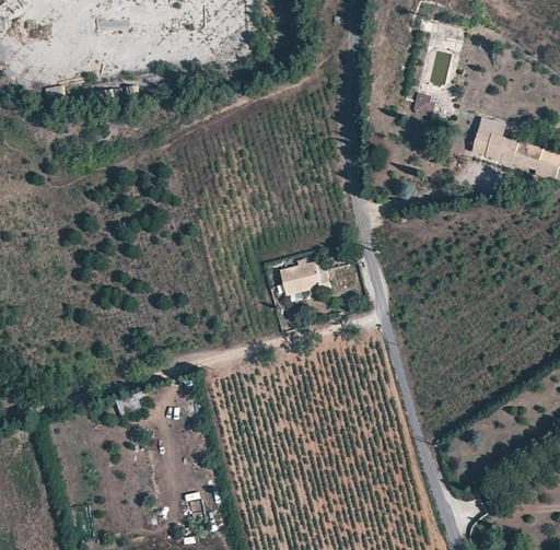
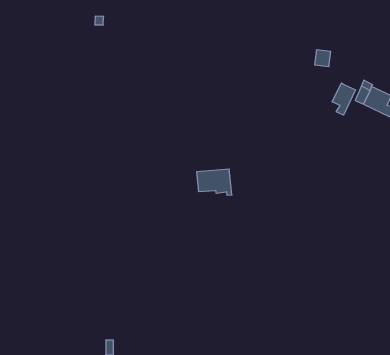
building: none -> [332,83,356,115]

